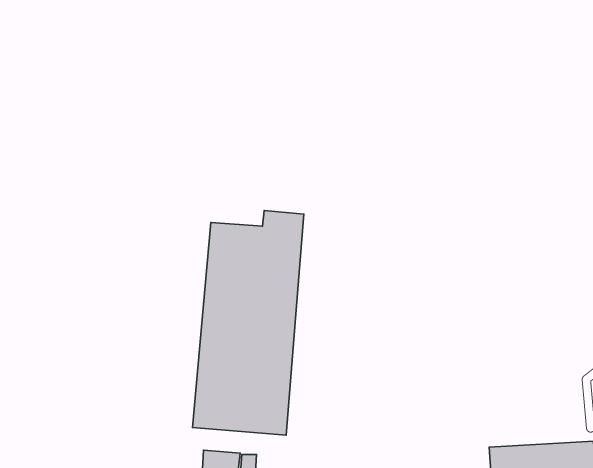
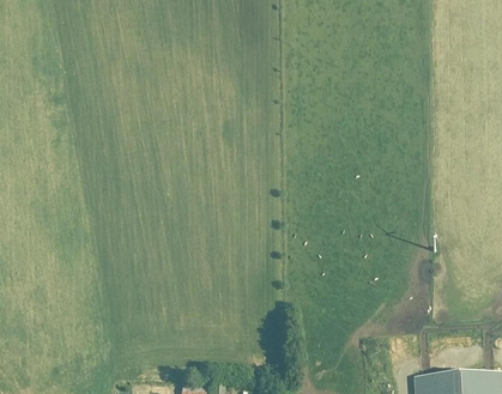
building: [192,211,304,435] -> none

